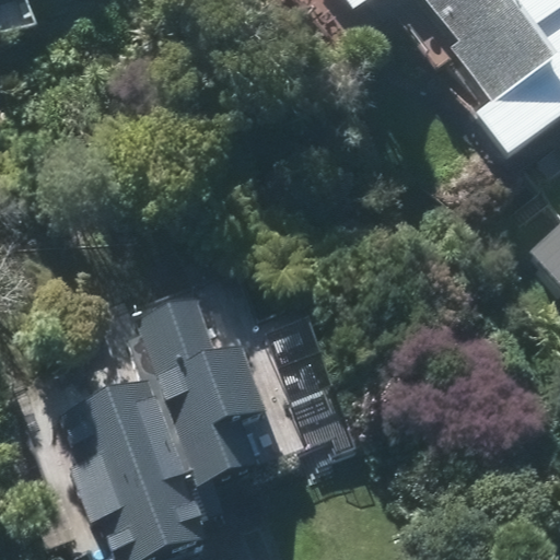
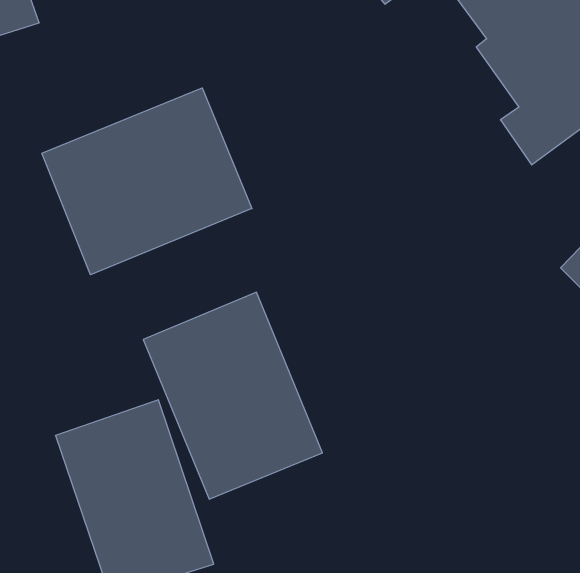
building: none -> [42,88,252,275]

